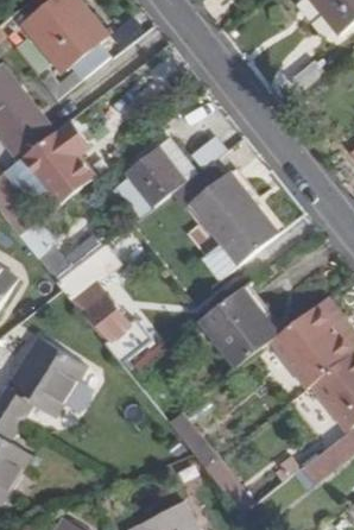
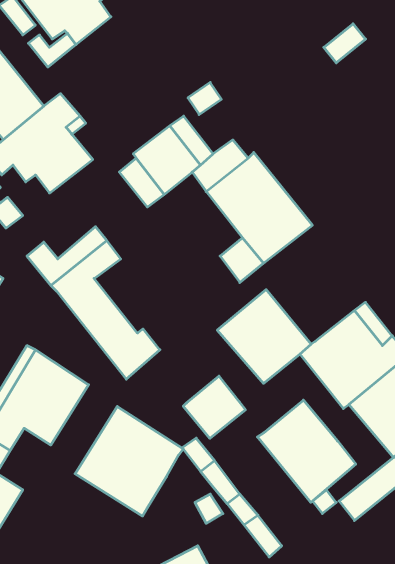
building: none -> [183,376,245,438]
building: none -> [257,400,356,502]
building: none -> [75,406,183,516]

